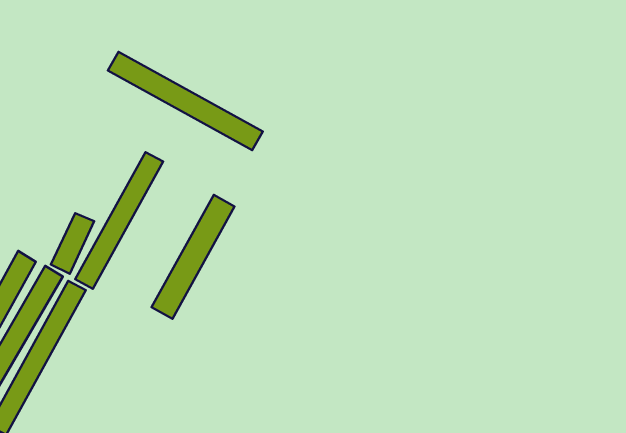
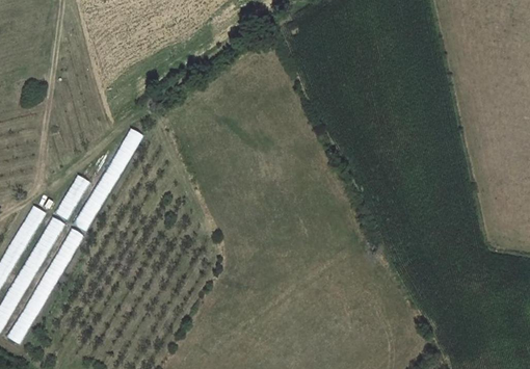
building: [108,52,263,150] -> none
building: [152,195,235,319] -> none

